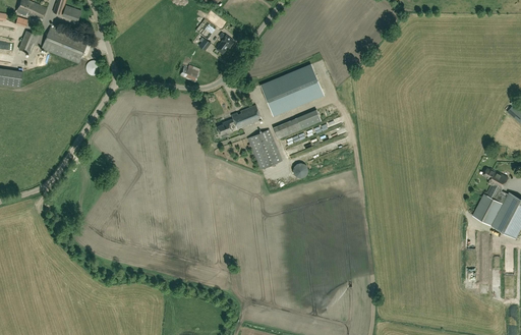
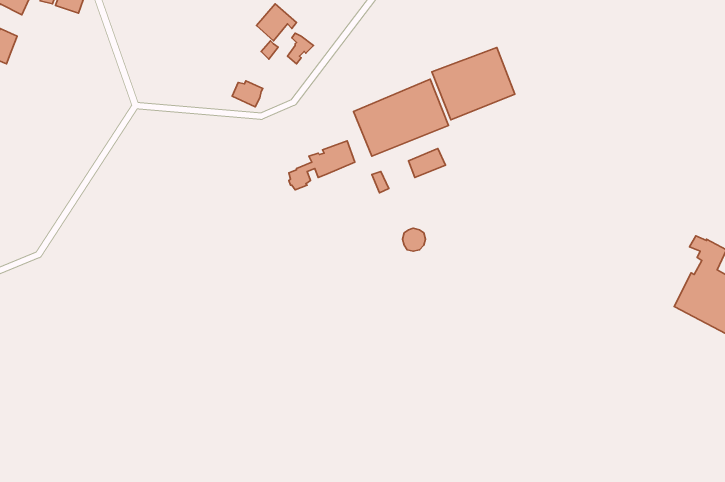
building: [42,26,89,64] -> none
building: none -> [432,47,515,120]
building: [248,129,282,170] -> none

